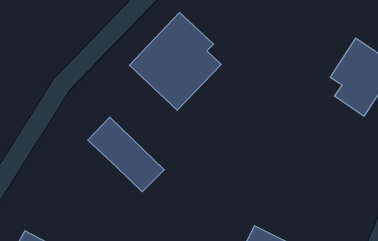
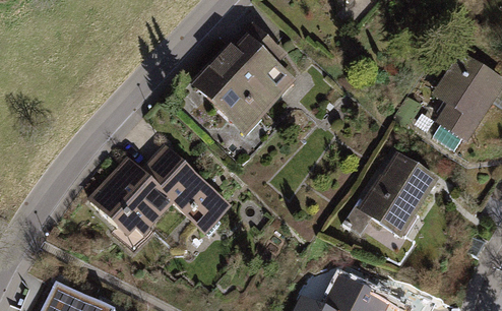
building: none -> [359,152,441,238]
building: none -> [83,159,174,248]

